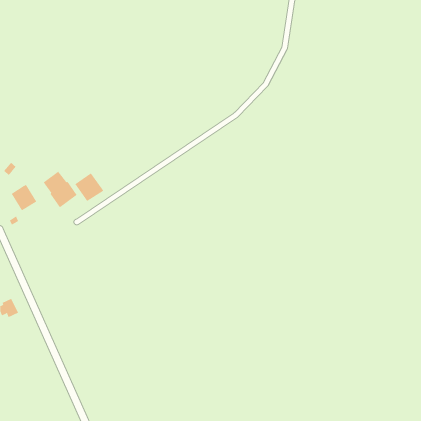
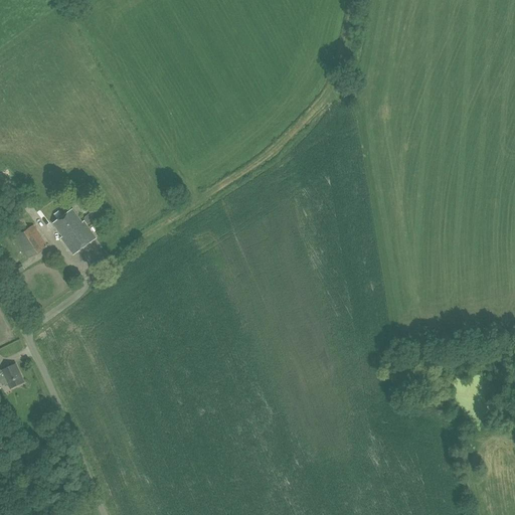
building: [75,173,104,202] -> none

